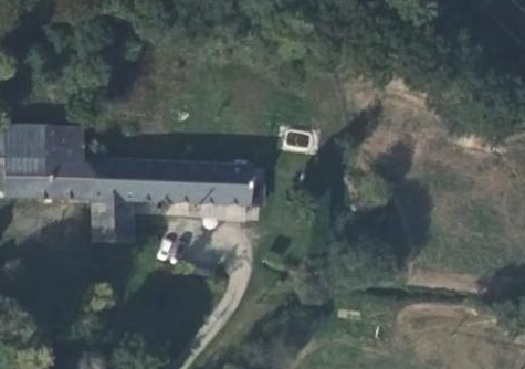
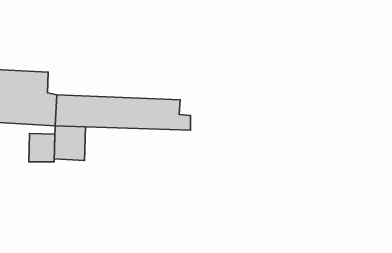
building: none -> [29,134,55,162]

